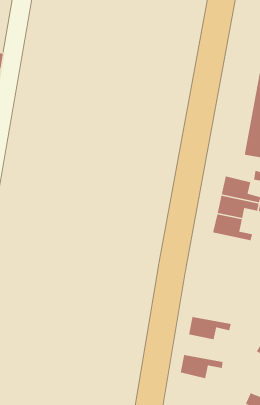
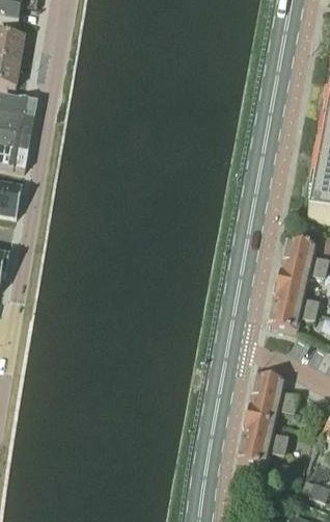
building: none -> [267,302,315,330]
building: none -> [249,373,295,403]
building: none -> [240,416,286,446]

